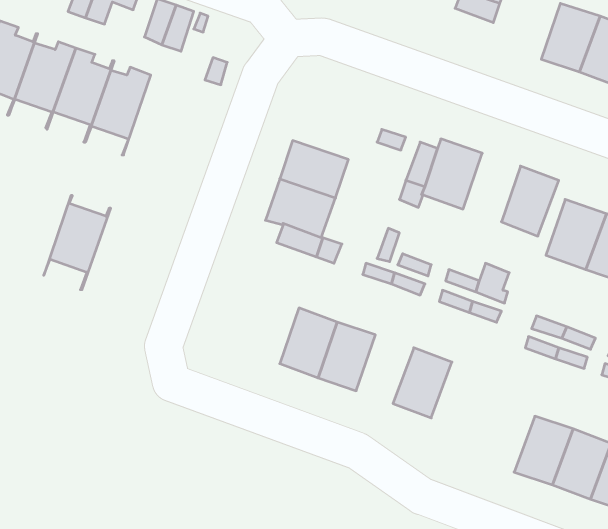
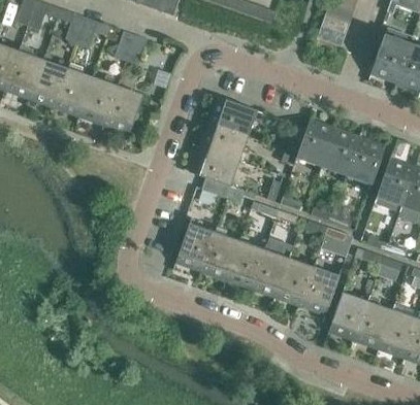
building: none -> [212,99,256,136]
building: none -> [322,132,359,176]
building: [44,196,111,290] -> [102,81,146,142]
building: none -> [176,223,216,268]
building: none -> [253,249,290,294]
building: none -> [301,267,340,311]
building: none -> [329,293,368,338]

